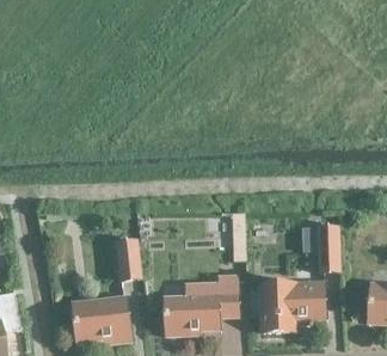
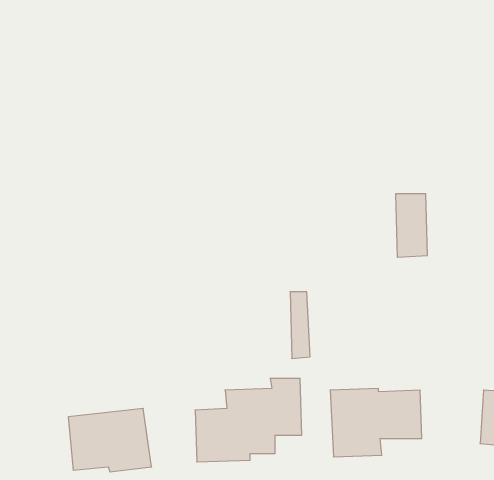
building: [317,226,339,271] -> [396,194,427,257]
building: [115,239,141,280] -> none

